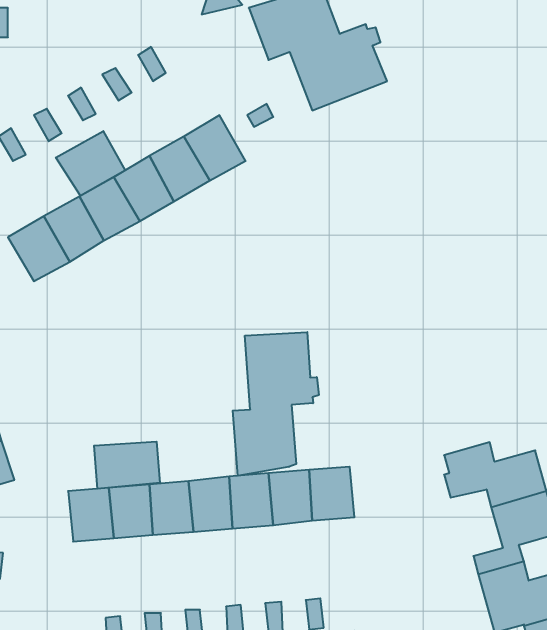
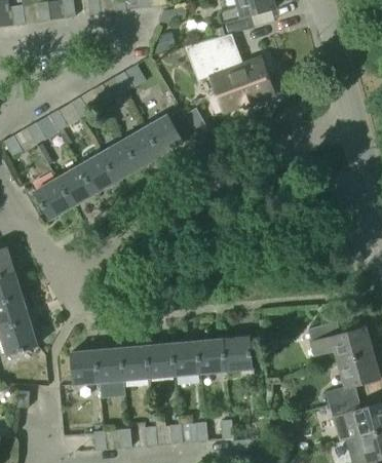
building: [56,131,125,196] -> none
building: [233,332,319,476] -> none
building: [94,442,160,489] -> none

